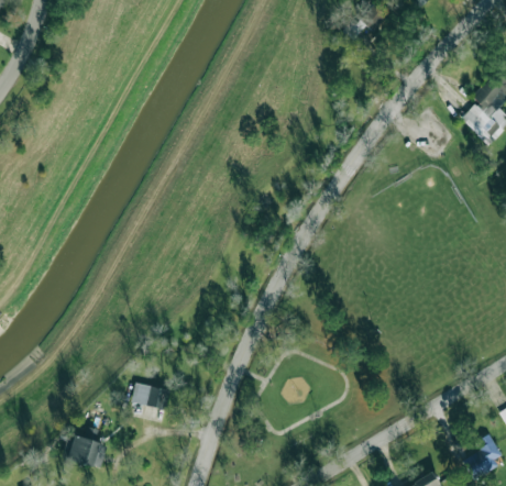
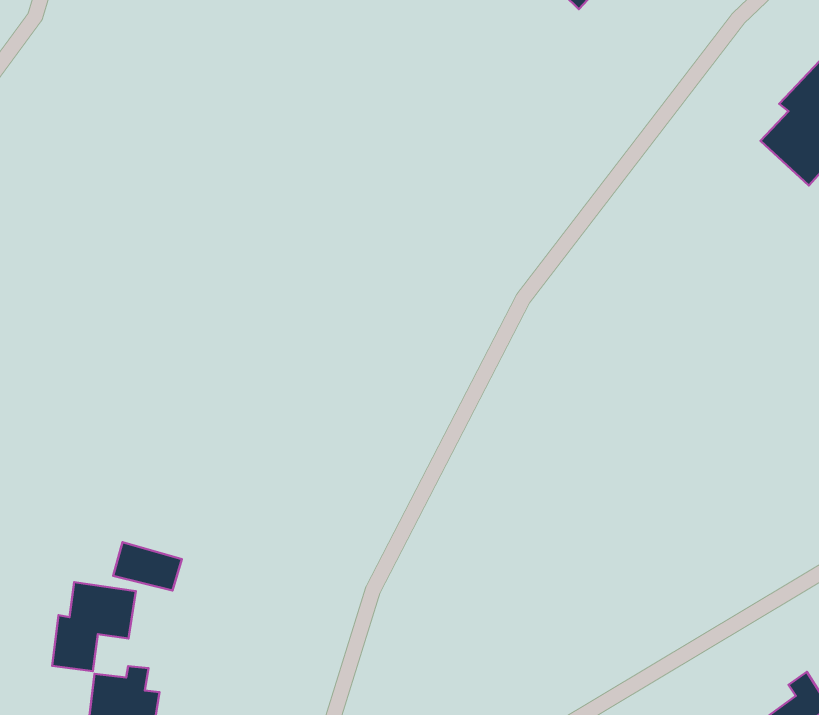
building: none -> [52,582,136,671]
building: [130,383,171,411] -> [113,542,182,591]

